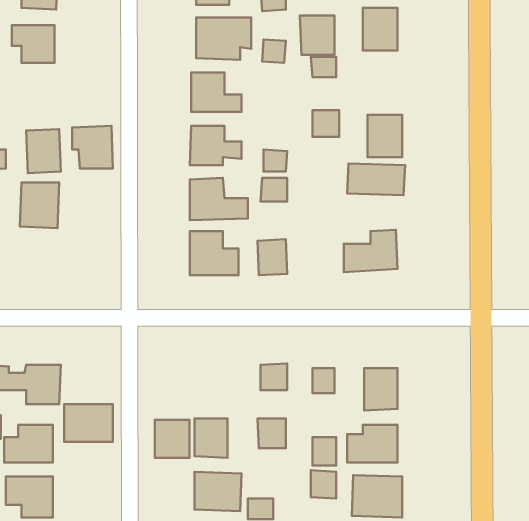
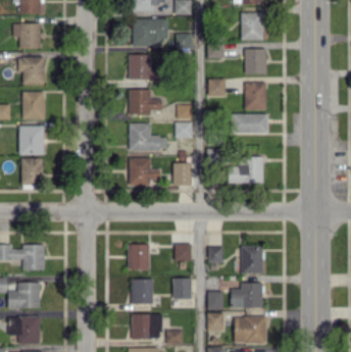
building: [300,15,335,55] -> [244,48,266,73]
building: [72,126,113,168] -> [18,56,45,84]
building: none -> [21,158,43,188]
building: [64,404,113,442] -> none
building: [155,420,189,458] -> [128,244,150,268]

